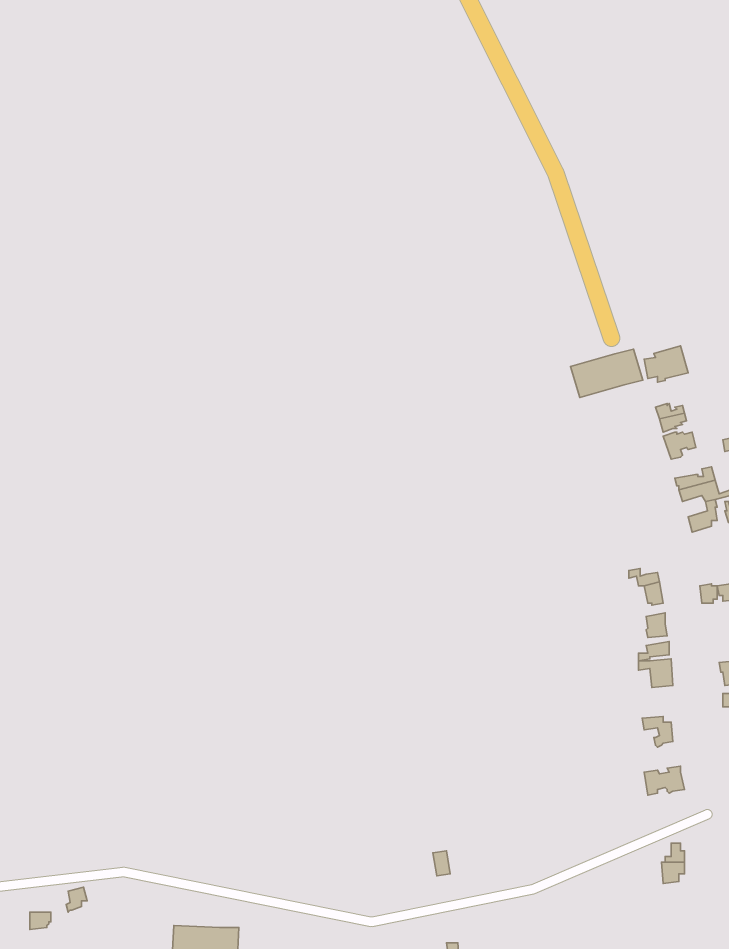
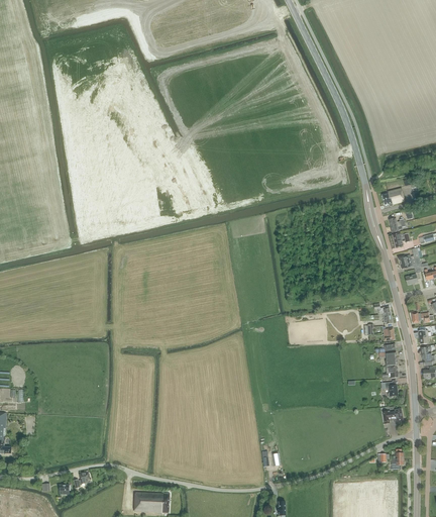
building: [570,349,643,397] -> none

